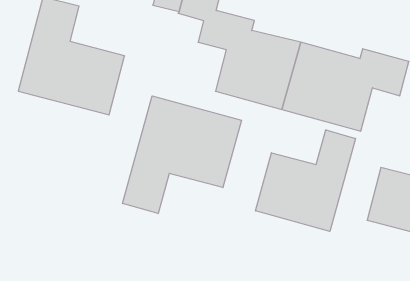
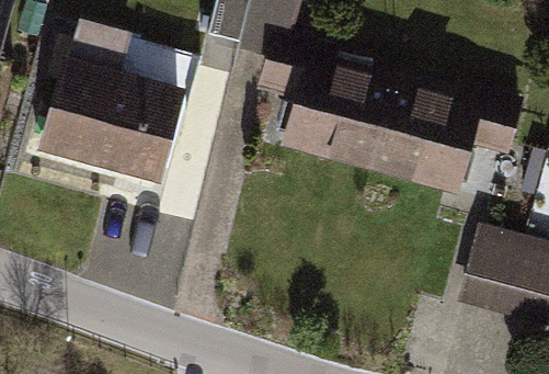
building: [123,96,241,214] -> none
building: [255,130,355,231] -> none

